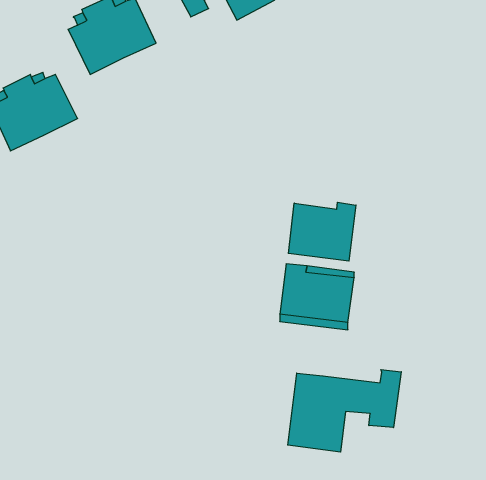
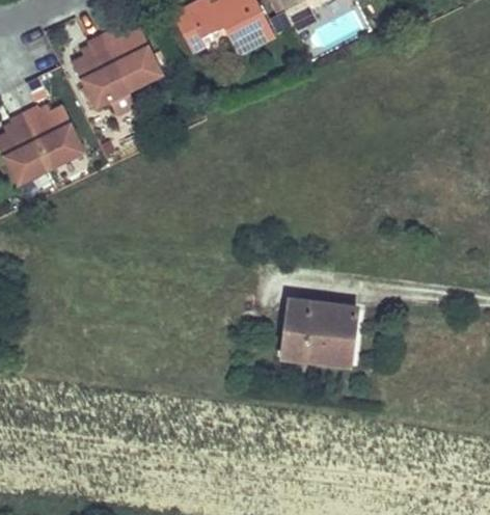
building: [288,202,356,261] -> none
building: [288,370,401,452] -> none

